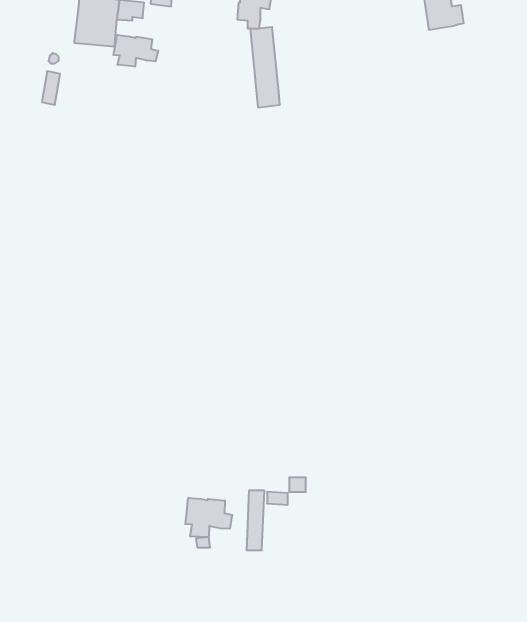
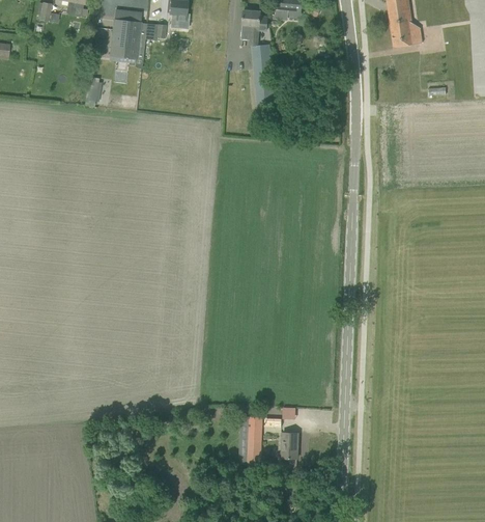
building: [113,35,158,67] -> none
building: [185,498,232,537] -> none
building: none -> [281,431,297,457]

